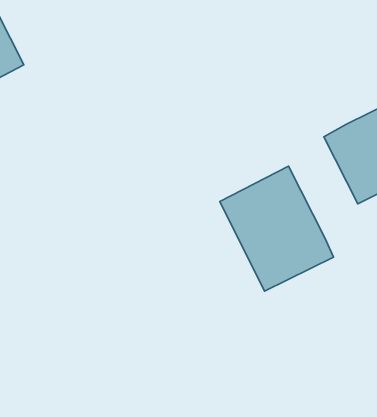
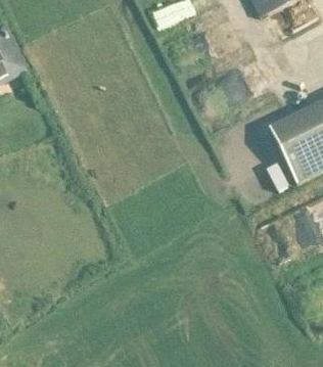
building: [220,166,333,291] -> none

